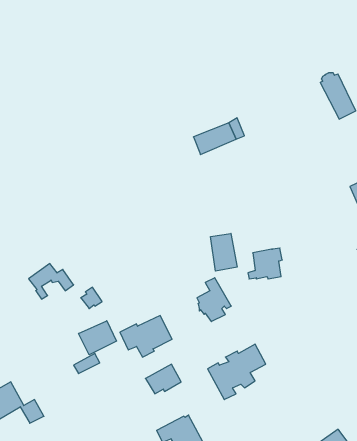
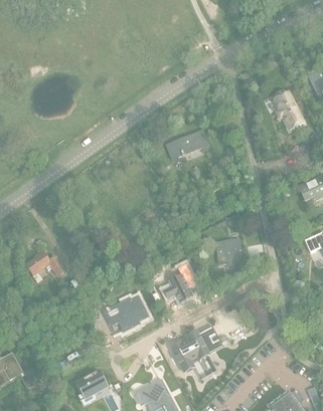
building: [211,233,237,271] -> none
building: [79,321,117,355] -> none
building: [145,364,181,394] -> [75,372,106,397]

